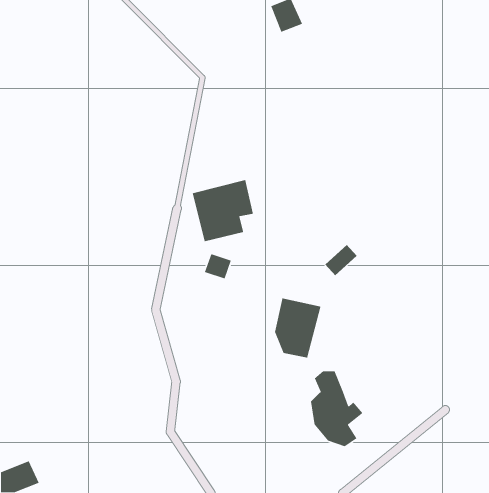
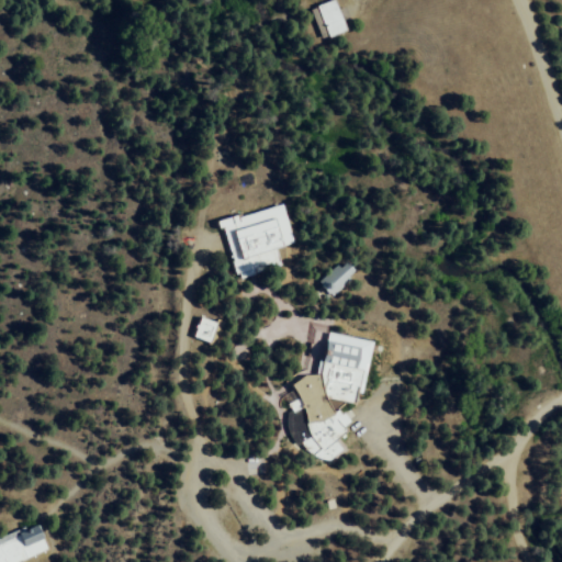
building: [325,244,358,276] -> [324,256,361,292]
building: [204,253,232,279] -> [194,313,226,342]
building: [310,371,363,447] -> [289,376,349,463]

